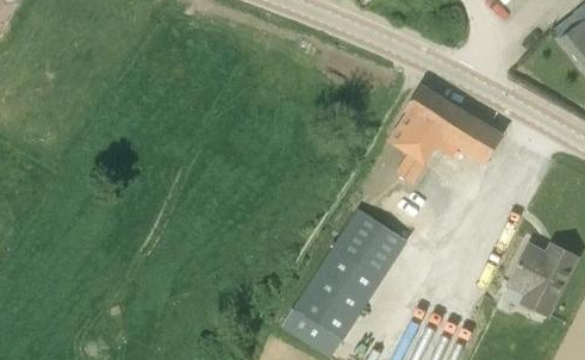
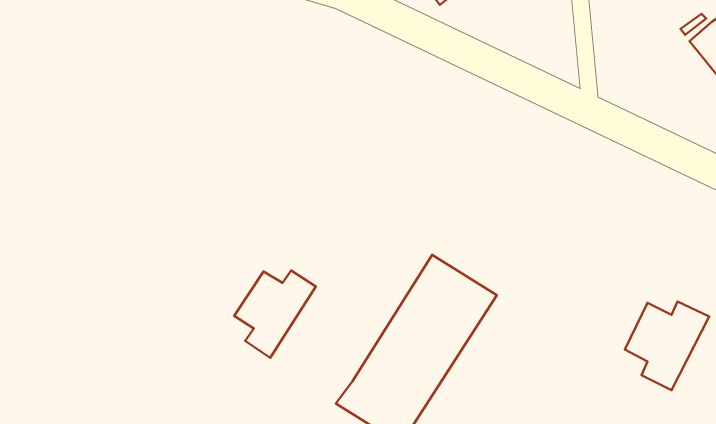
building: [391,87,500,185] -> none
building: none -> [234,270,316,358]

